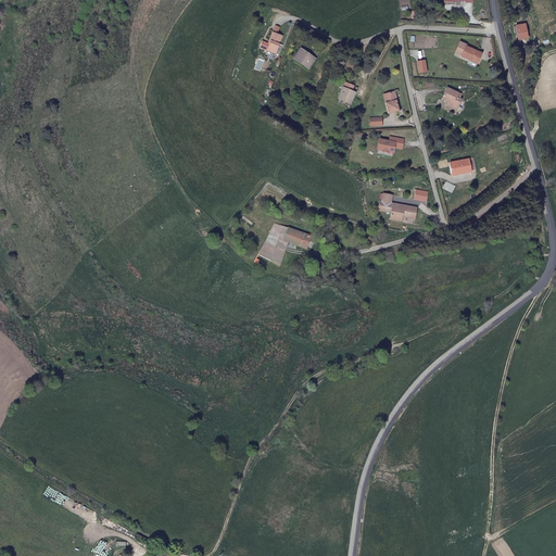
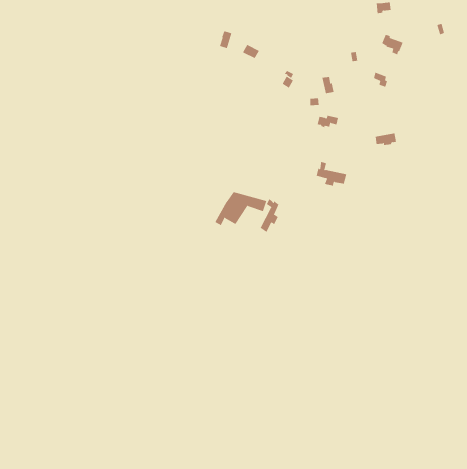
building: none -> [260,198,279,233]

